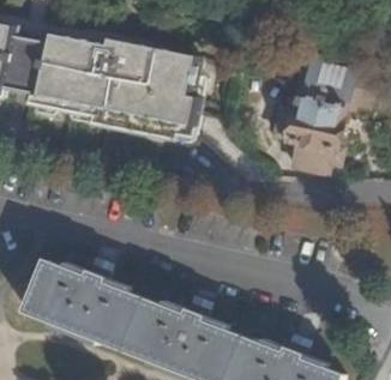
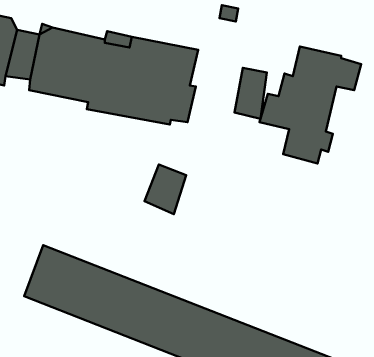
building: none -> [235,68,267,119]
building: none -> [144,164,186,214]

